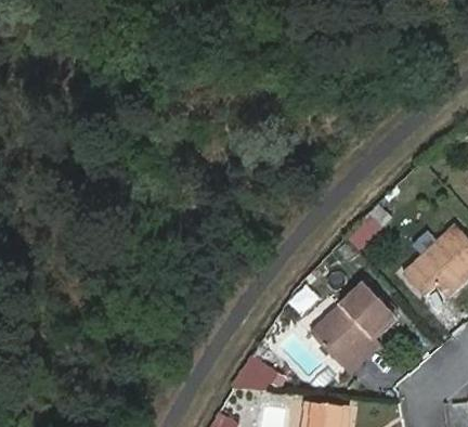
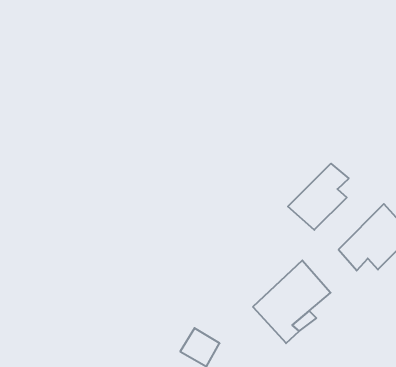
building: none -> [288,164,349,230]

